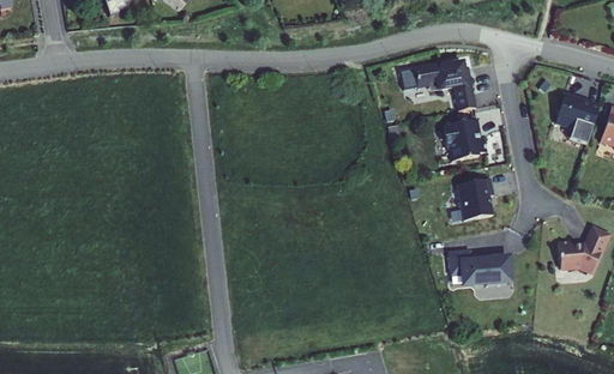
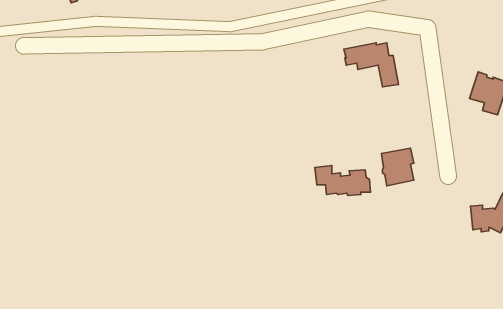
building: [439,119,487,159] -> none
building: [449,251,511,284] -> [315,165,371,195]

